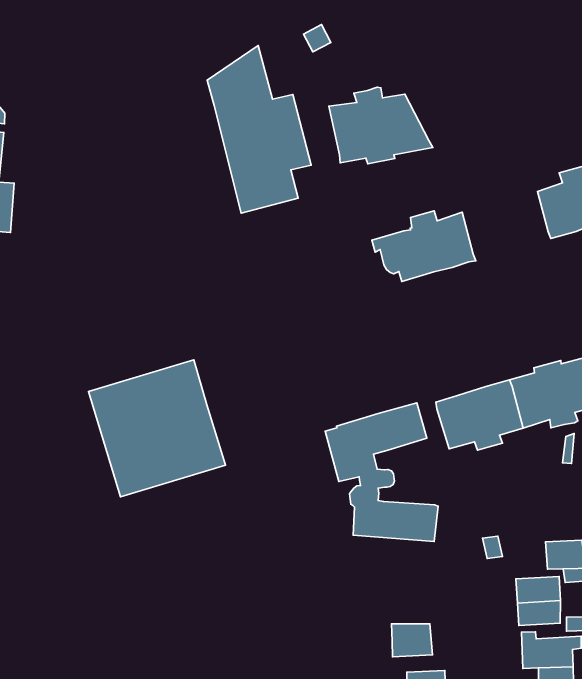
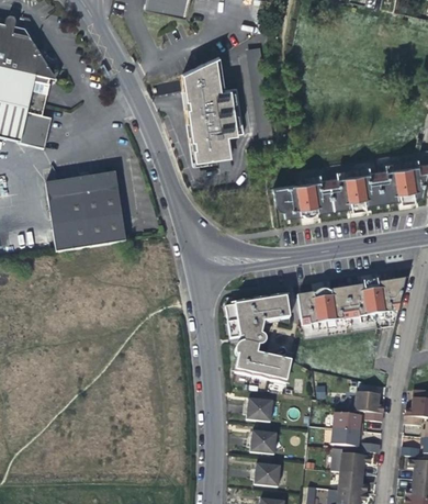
building: [329,87,433,164] -> none
building: none -> [333,165,386,208]
building: [89,360,226,497] -> [44,171,124,251]
building: none -> [246,396,272,419]

